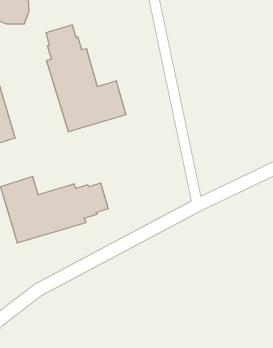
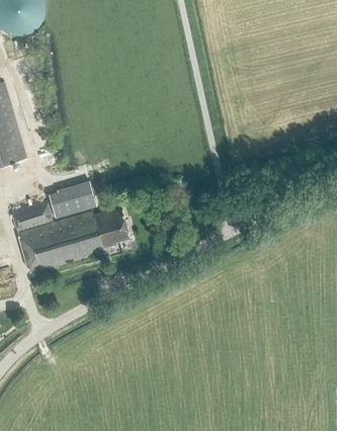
building: [46,25,126,132] -> none
building: none -> [49,182,86,218]

